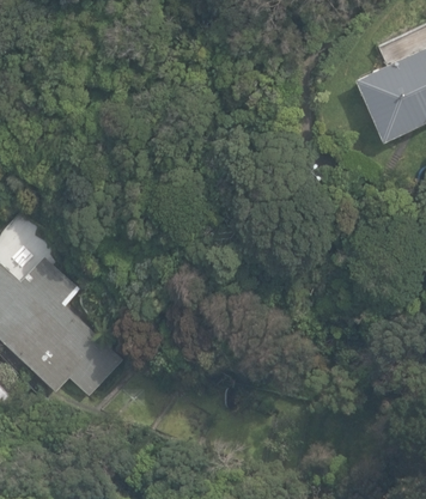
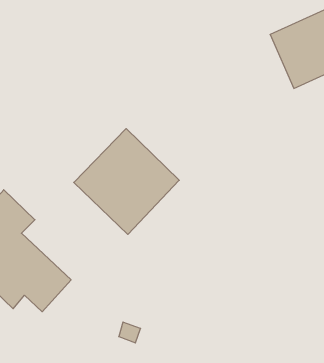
building: none -> [74,129,179,234]

